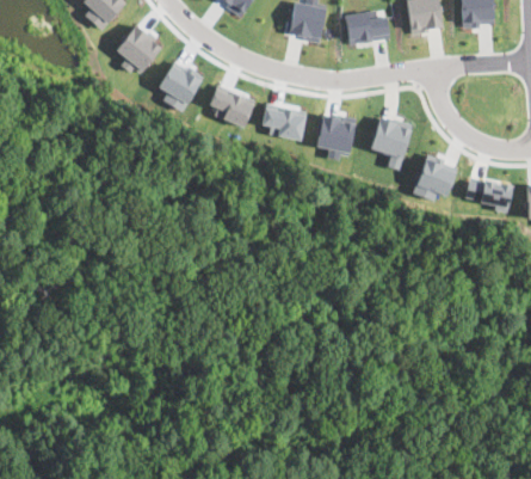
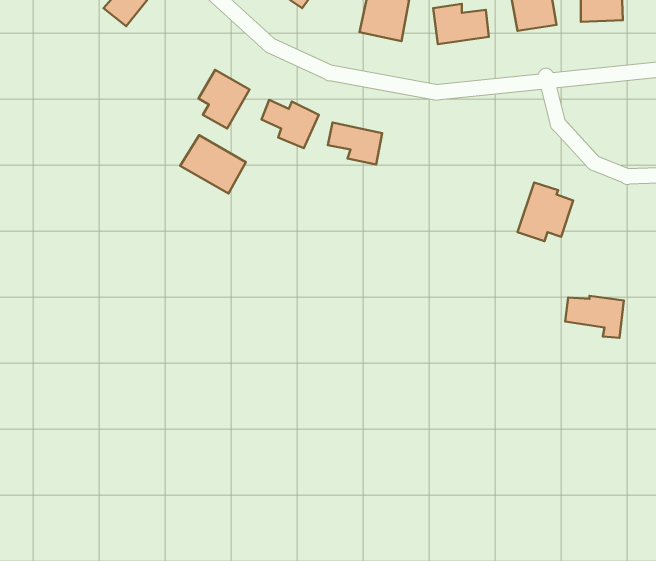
building: [117,26,162,75] -> none
building: [315,113,357,159] -> none
building: [370,116,413,170] -> none
building: none -> [180,135,246,194]
building: [465,179,512,213] -> [565,296,624,338]

